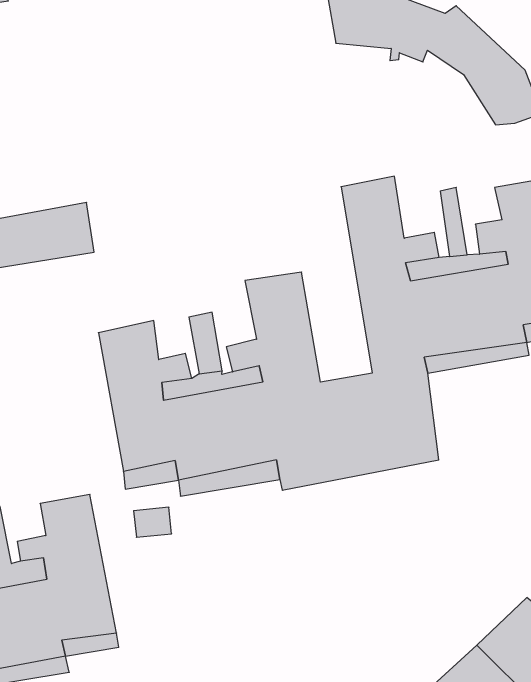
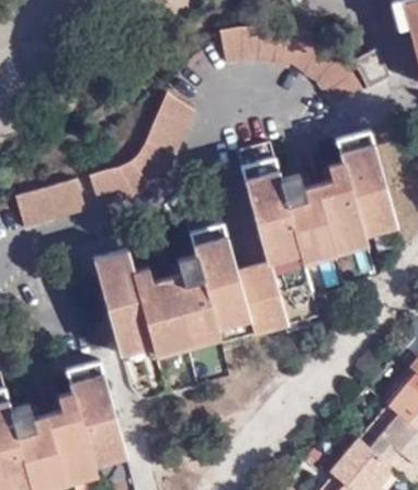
building: none -> [91,98,193,208]

